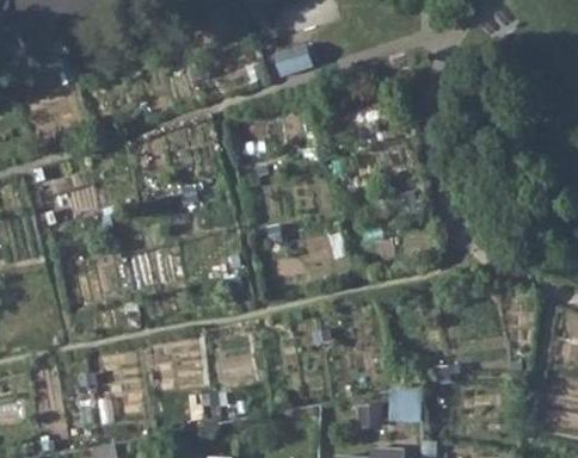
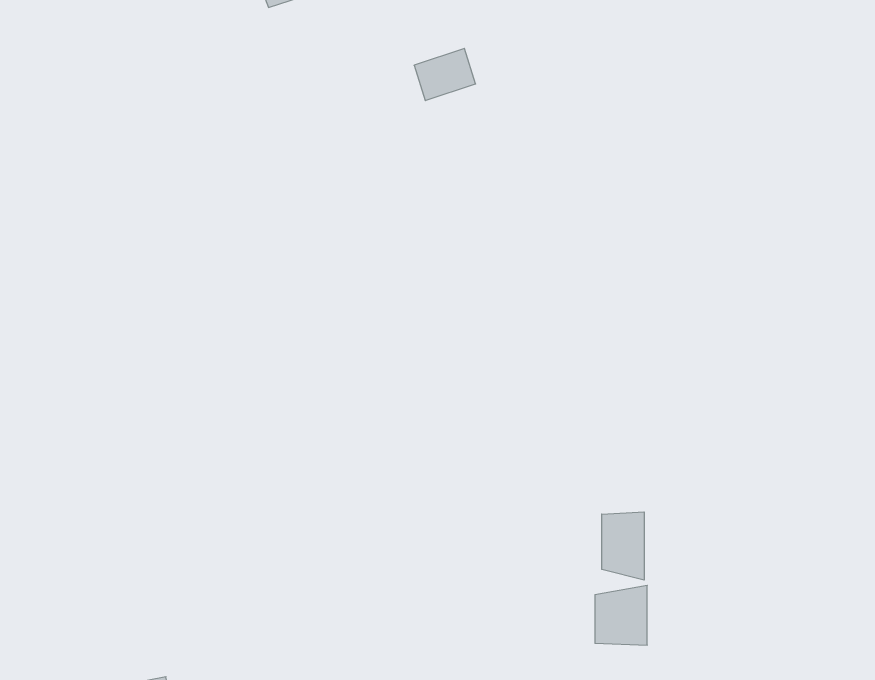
building: none -> [602,512,644,580]

